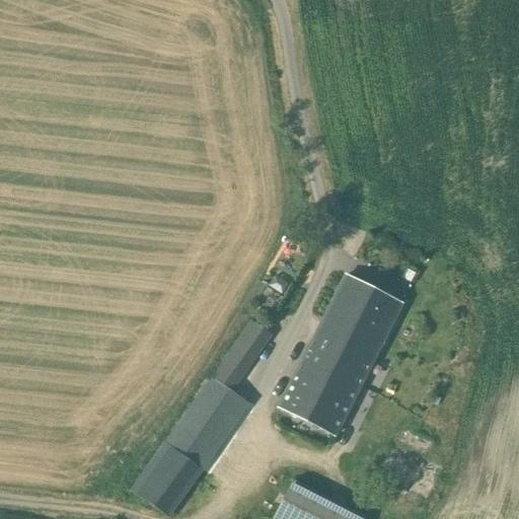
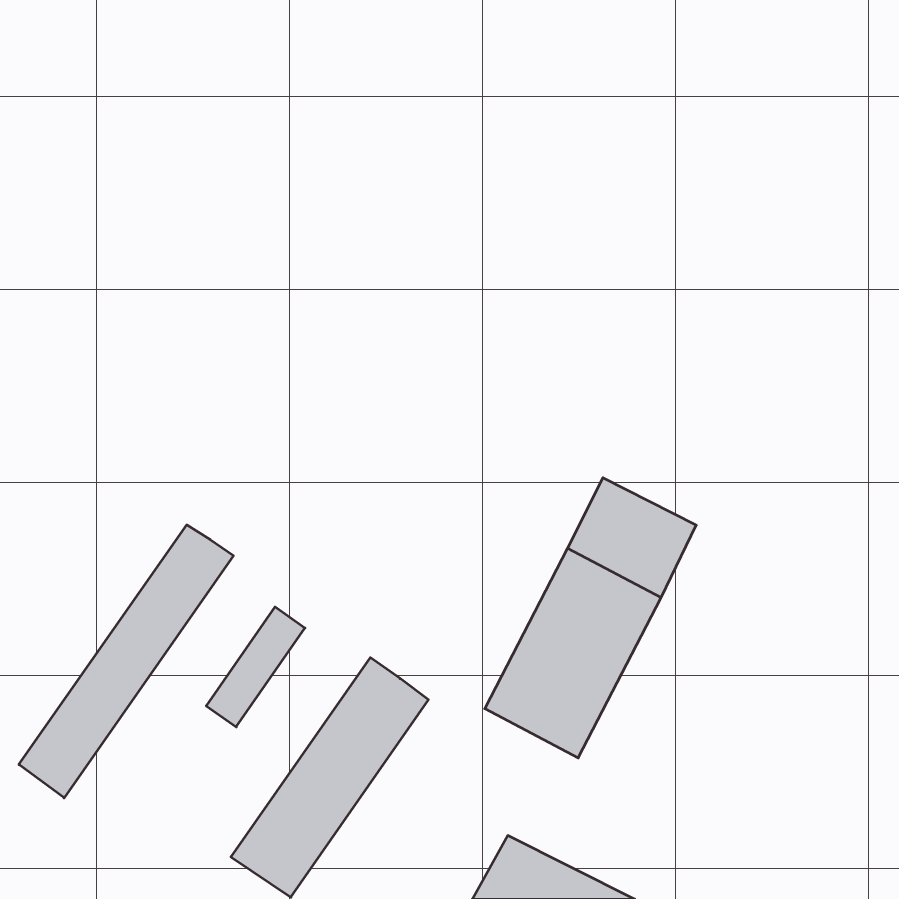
building: none -> [19,525,233,798]
building: [214,321,271,390] -> [206,607,305,727]

